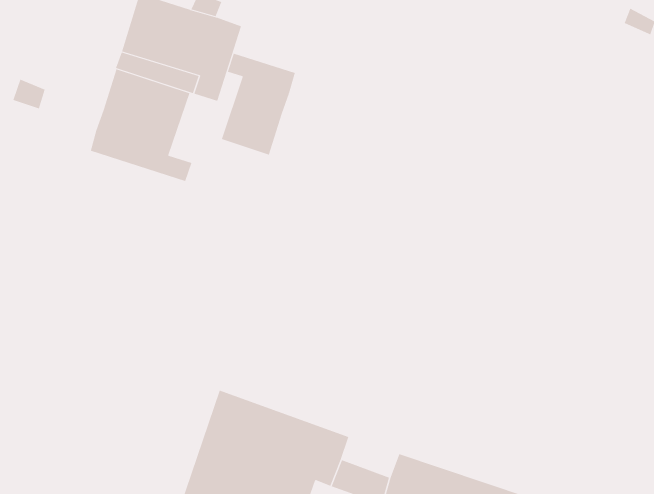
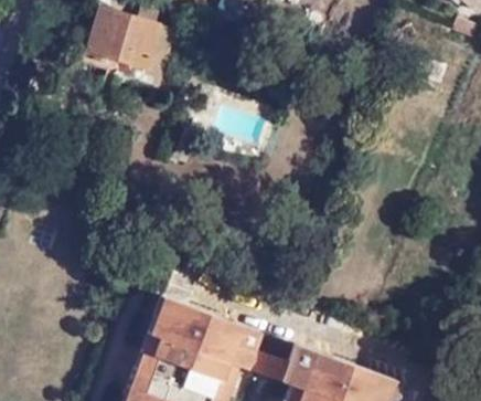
building: [221,53,295,156] -> none
building: [90,69,192,182] -> none

